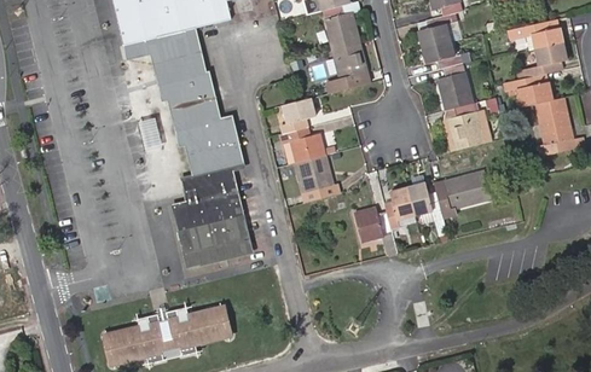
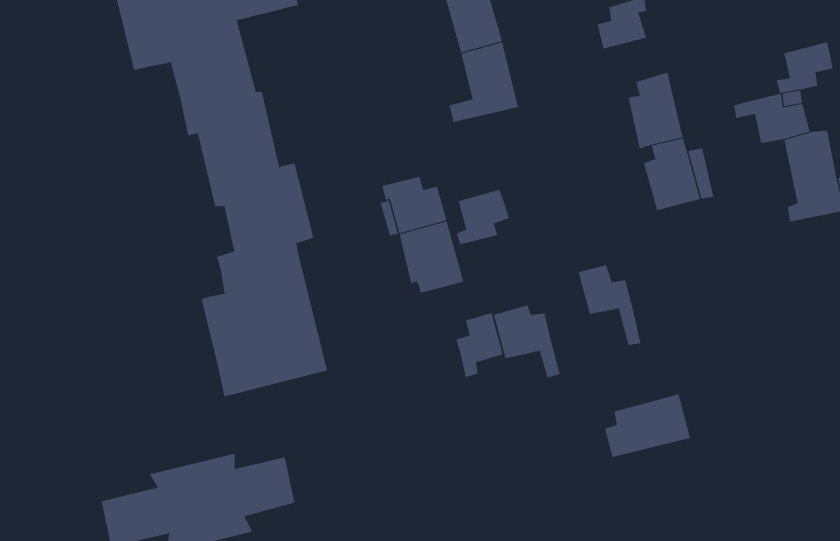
building: [514,22,563,50] -> none
building: [422,40,462,68] -> none
building: [280,98,314,133] -> [456,189,510,245]
building: [436,170,491,210] -> [604,394,691,457]
building: [383,187,413,228] -> [456,312,504,378]

